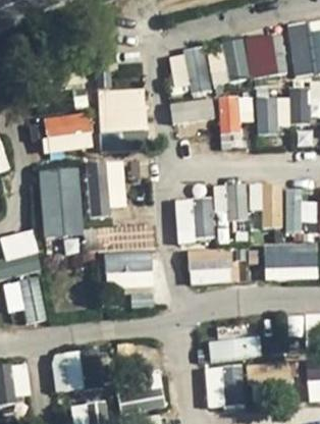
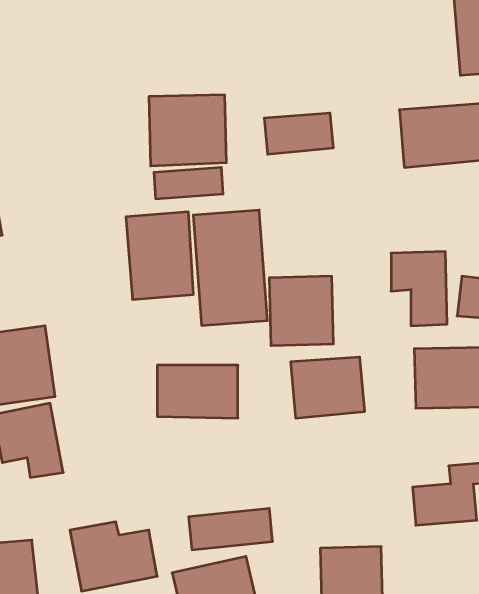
building: [222,34,278,81] -> none
building: [169,49,208,93] -> none
building: [217,95,244,139] -> none
building: [43,114,93,150] -> none
building: [38,166,84,237] -> [193,210,267,325]
building: [213,182,248,221] -> none
building: [208,335,260,361] -> [189,508,273,550]

